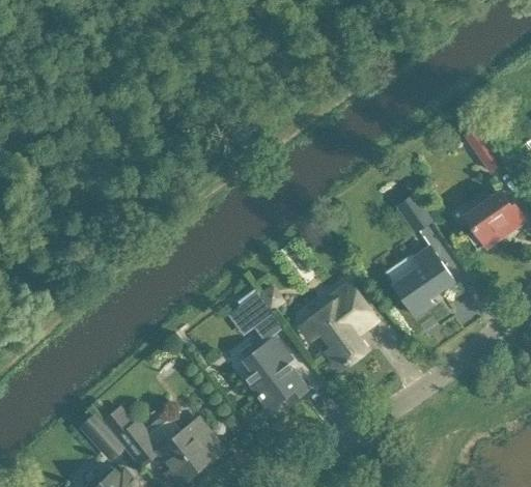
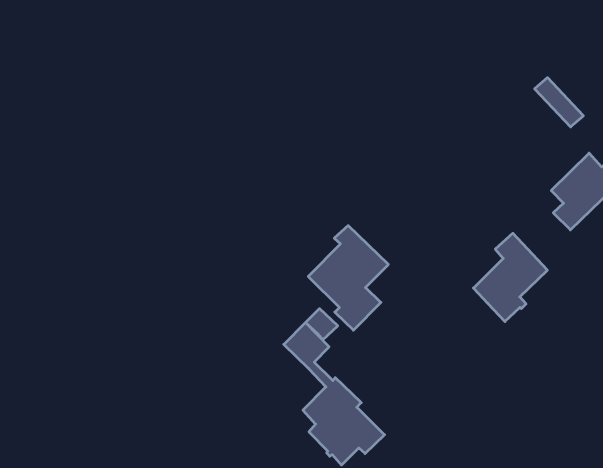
building: [397,195,430,231] -> none
building: [311,285,375,368] -> [308,226,388,330]

